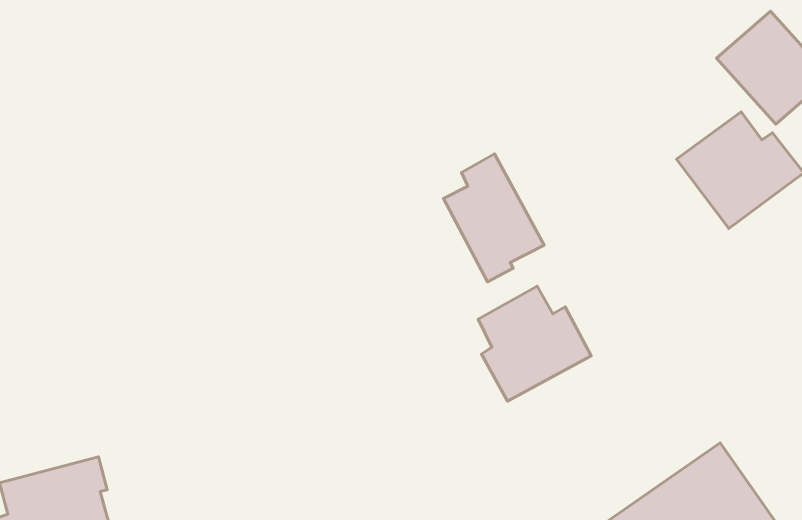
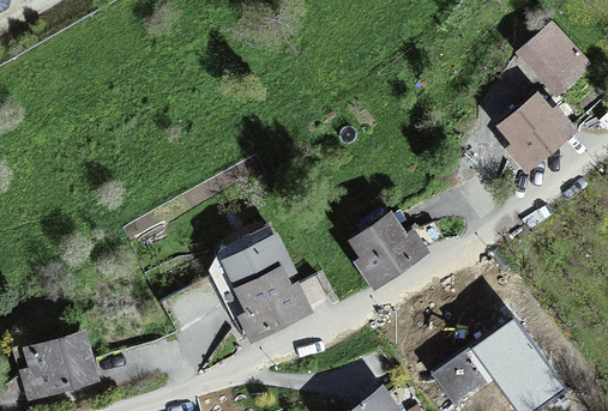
building: [443,154,544,282] -> none
building: none -> [225,234,326,337]

